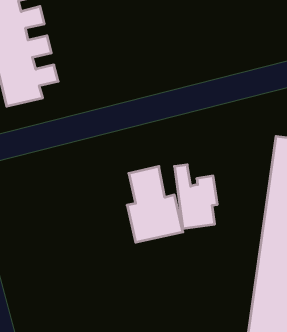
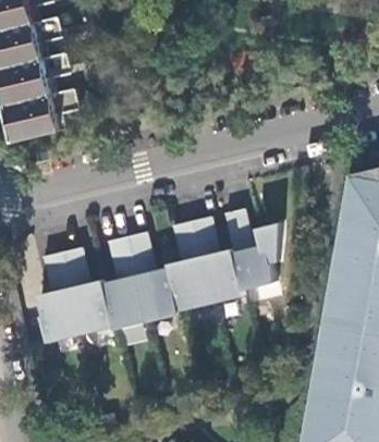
building: none -> [106,235,175,330]
building: none -> [39,246,110,342]

